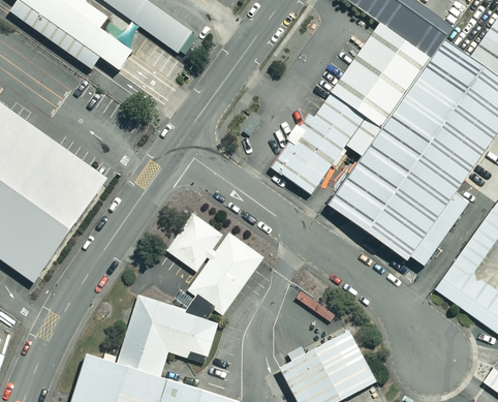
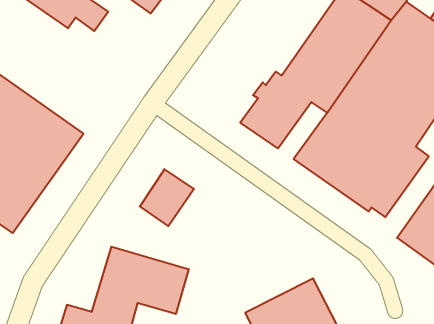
building: [190,233,264,312] -> none

